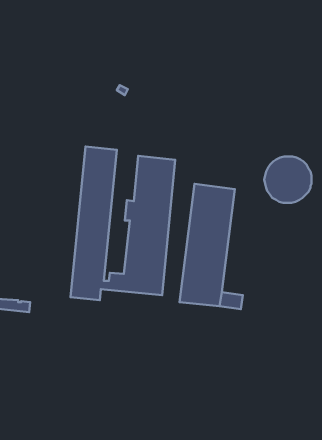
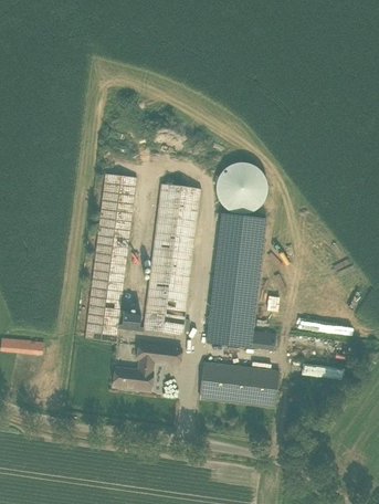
building: [264,156,312,203] -> [214,162,266,213]
building: none -> [112,343,180,391]
building: none -> [199,363,278,407]

